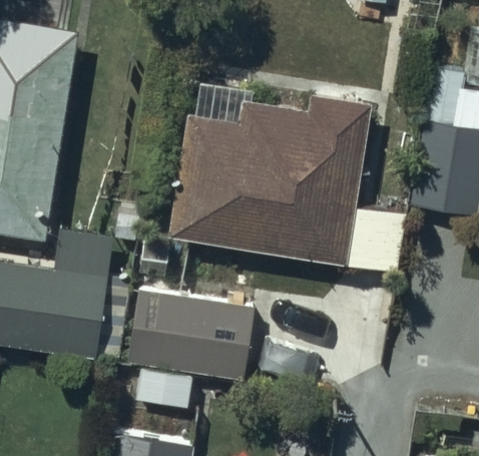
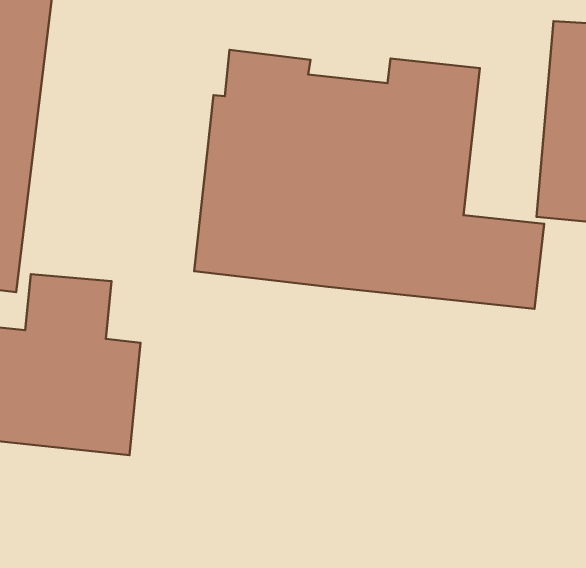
building: [127,290,256,409] -> none

